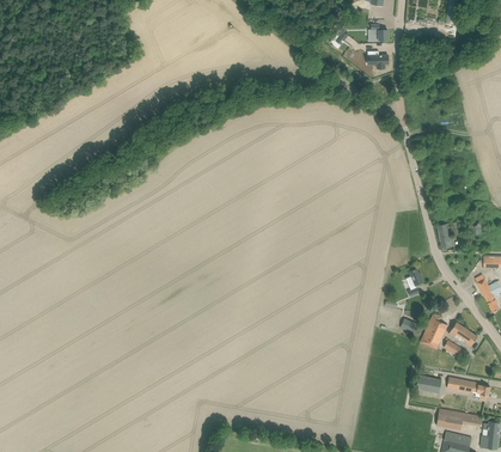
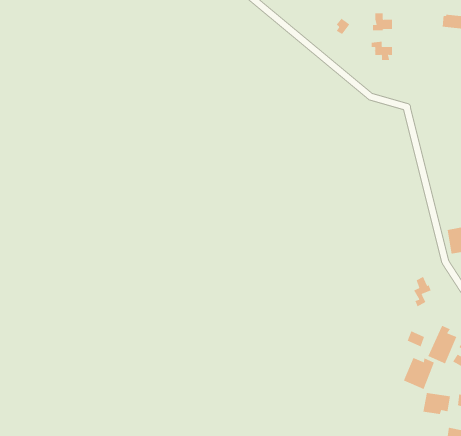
building: none -> [403,357,435,390]

